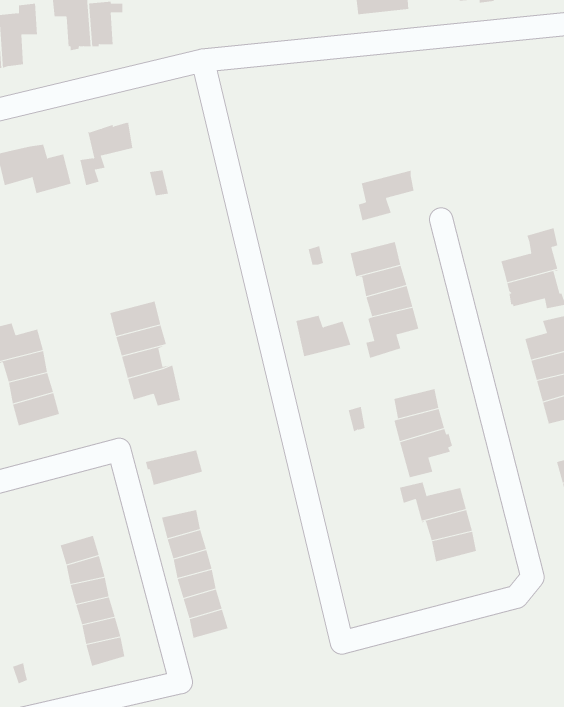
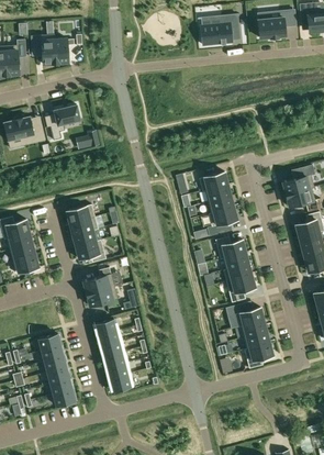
building: [358,170,414,221] -> none
building: [295,315,351,357] -> [215,236,246,259]
building: none -> [83,268,114,293]
building: none -> [244,343,272,368]

